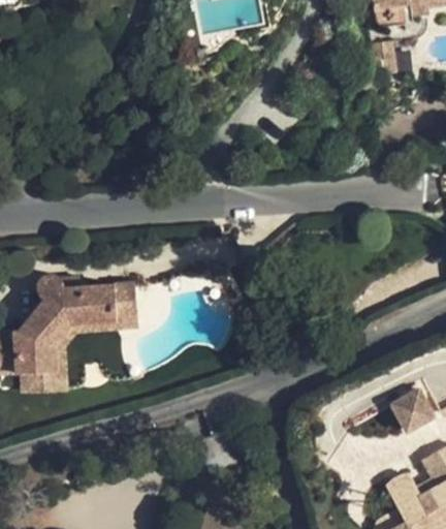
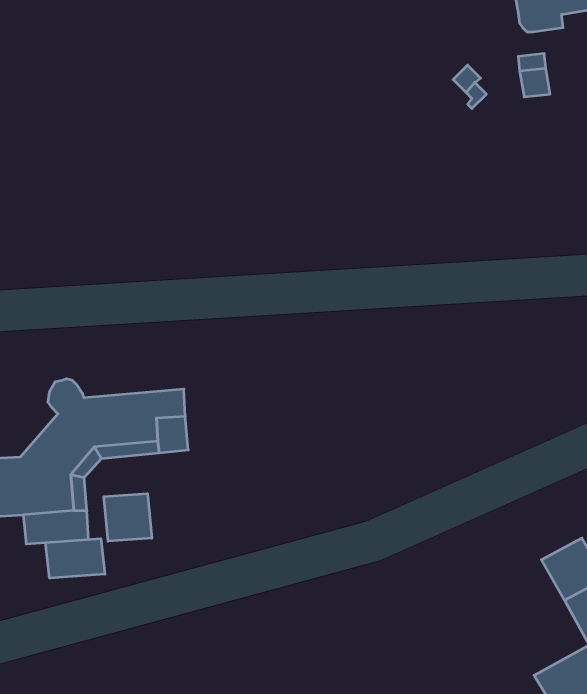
building: none -> [104,494,152,541]
building: none -> [46,539,105,578]

